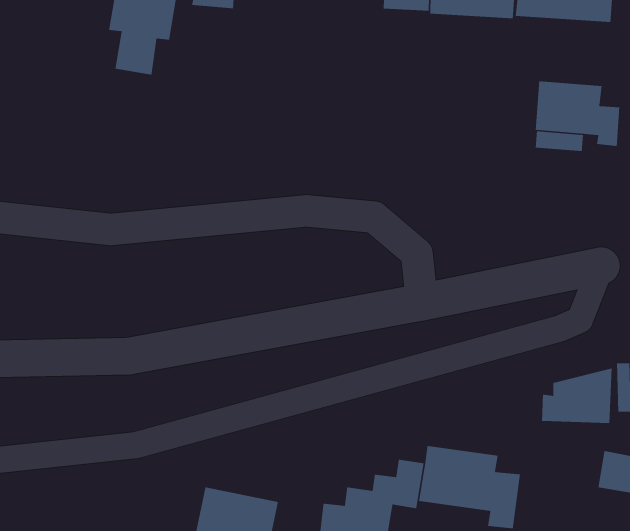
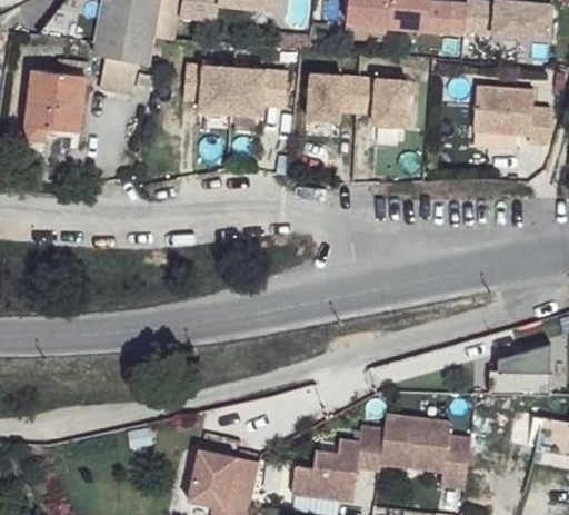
building: none -> [27,58,87,137]
building: none -> [184,65,288,115]
building: none -> [308,73,407,123]

